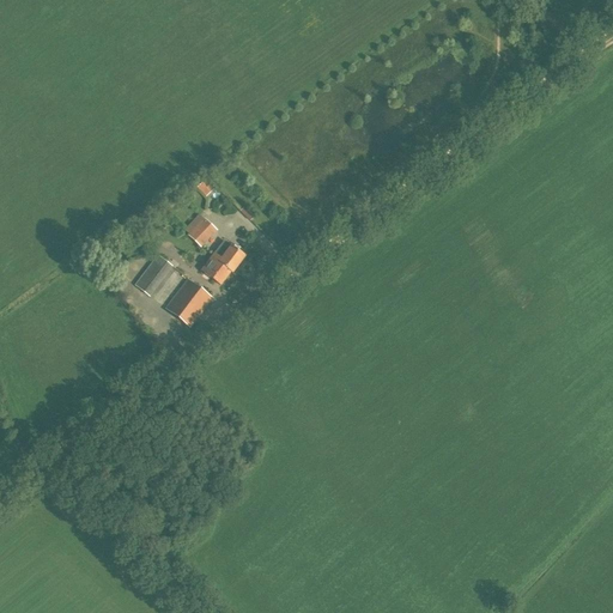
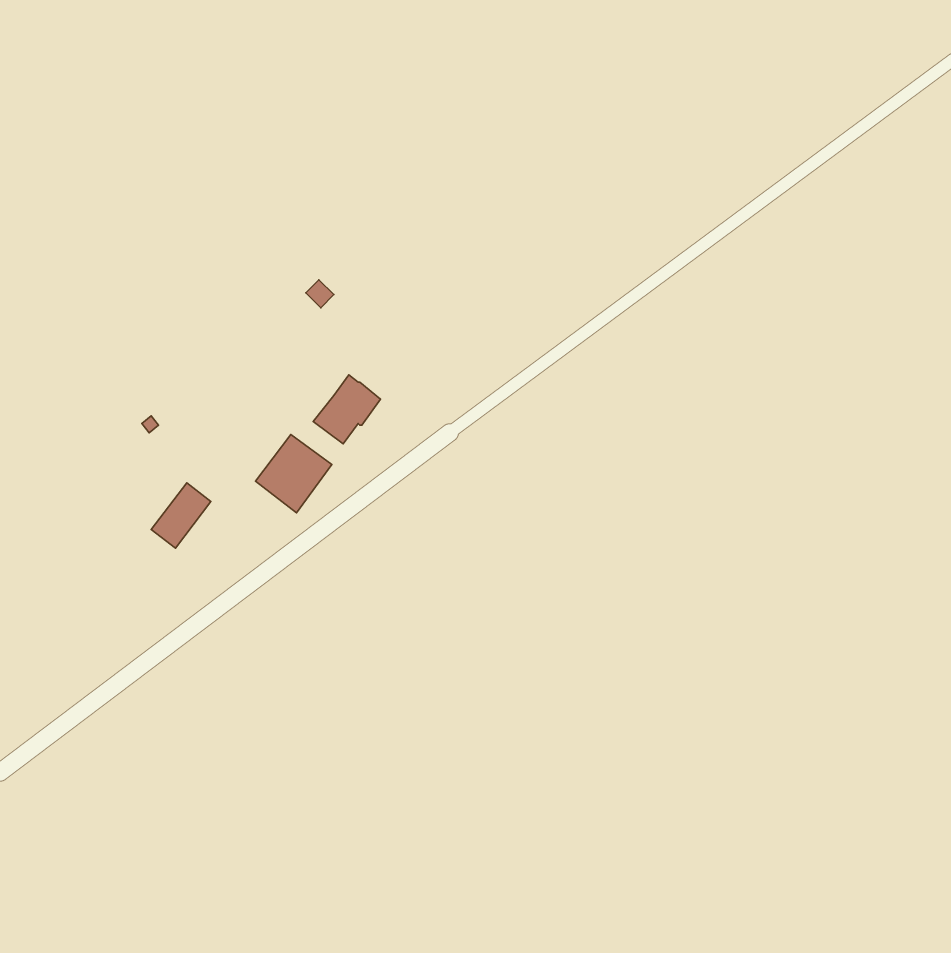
building: [186,214,218,248] -> none
building: [135,255,174,297] -> [151,483,211,548]

